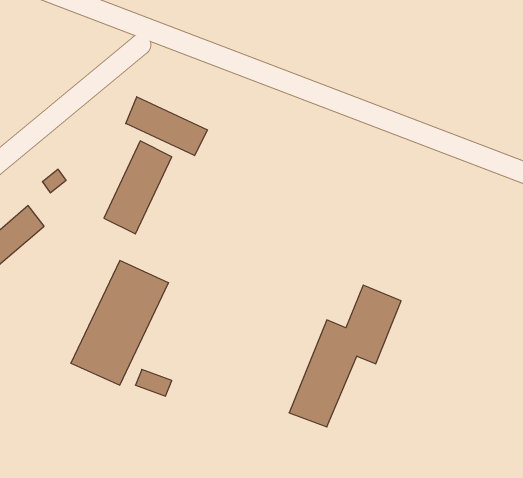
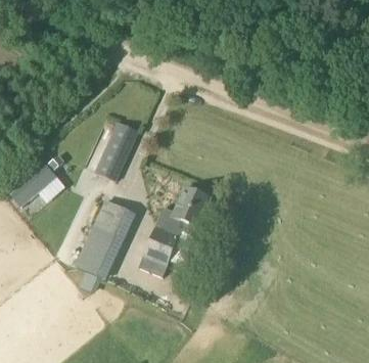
building: [126,97,207,156] -> none
building: [289,285,401,427] -> [137,185,210,277]

